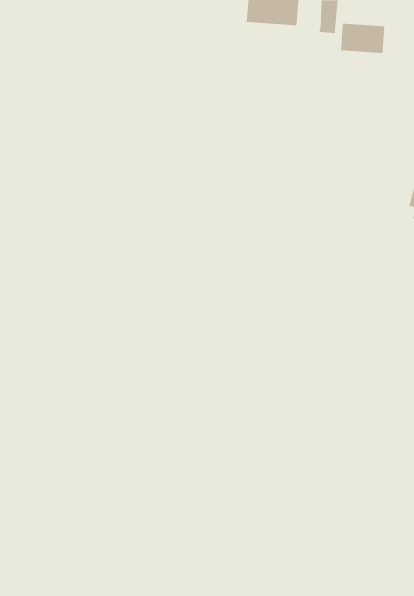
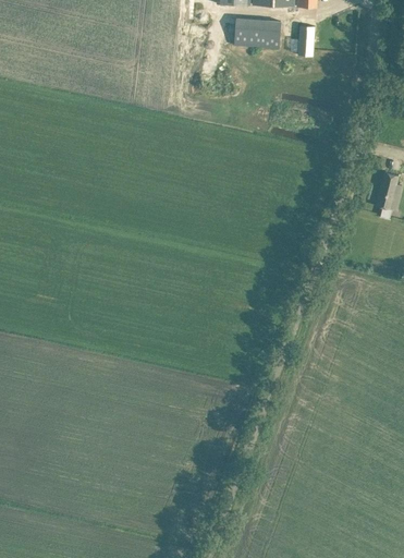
building: [341,23,385,54] -> none

